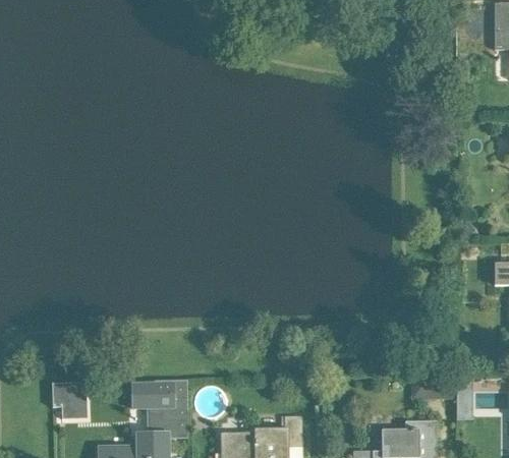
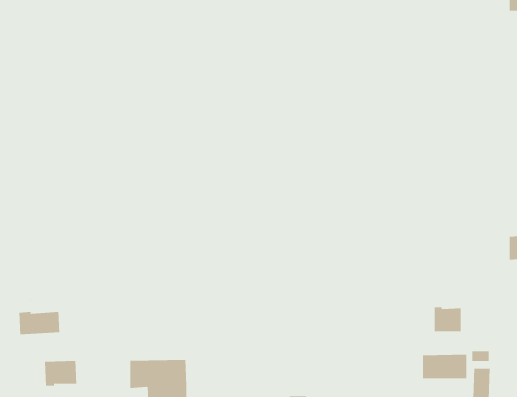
building: none -> [434,293,461,332]
building: none -> [19,299,60,335]

